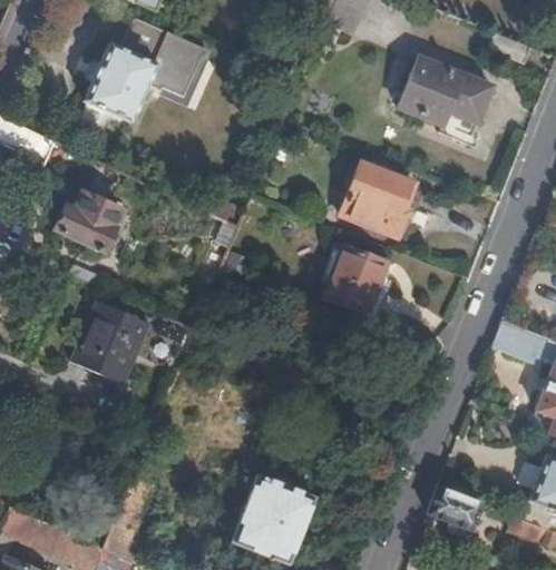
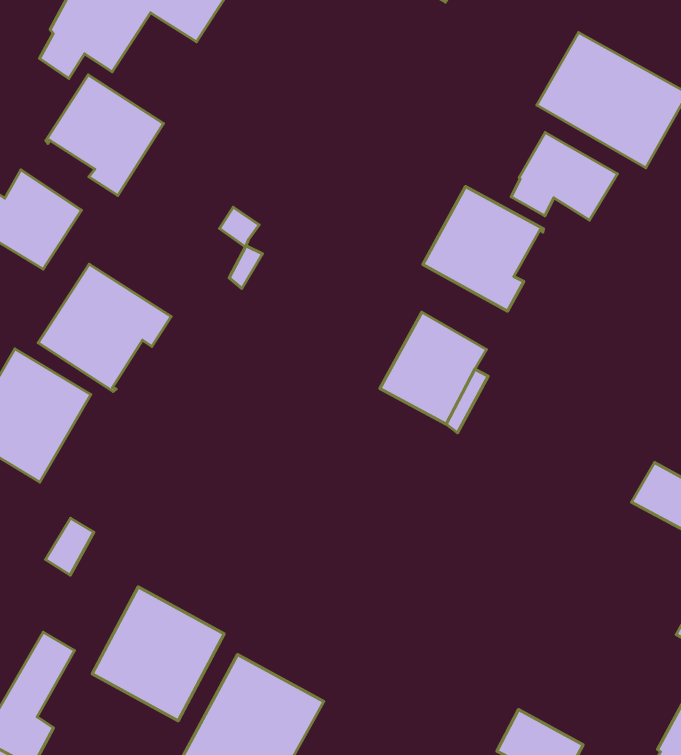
building: none -> [511,133,617,220]
building: none -> [46,75,164,196]
building: none -> [38,264,171,391]
building: none -> [92,587,224,721]

